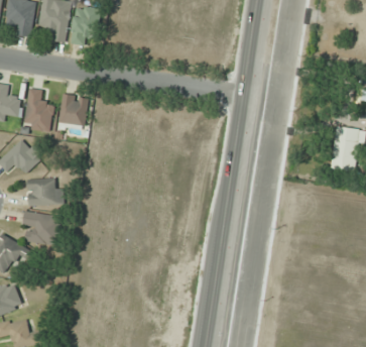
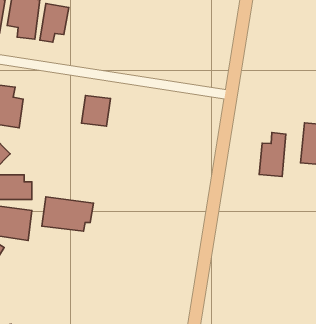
building: [58,95,88,126] -> [82,95,110,126]
building: none -> [259,132,286,177]
building: none -> [42,197,94,231]

